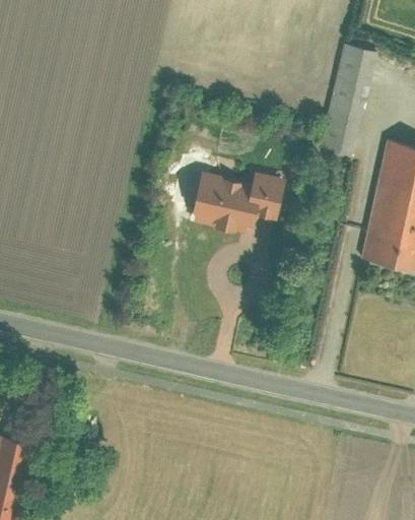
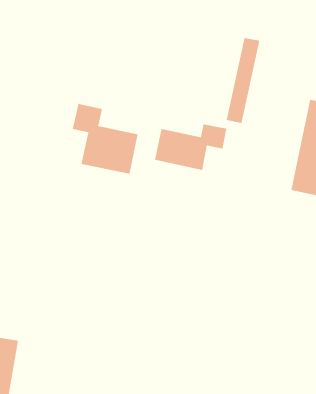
building: [321,46,363,152] -> [226,37,260,124]
building: none -> [72,103,138,174]

